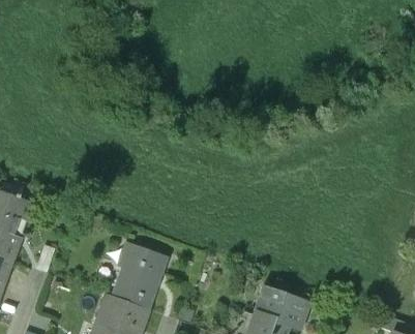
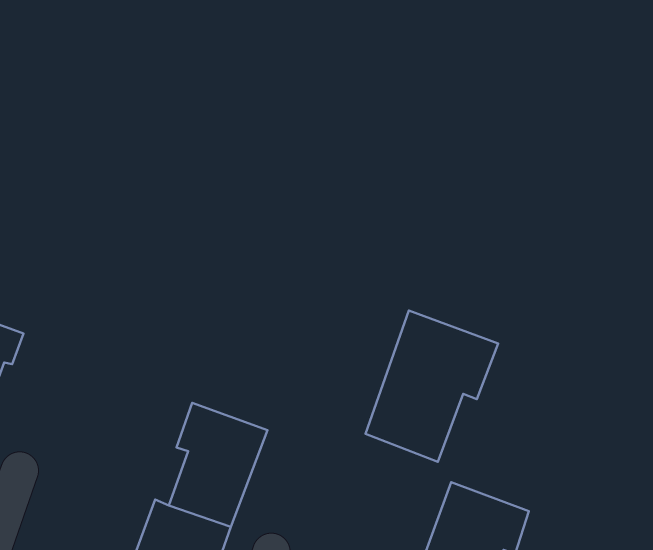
building: none -> [365,310,498,462]

